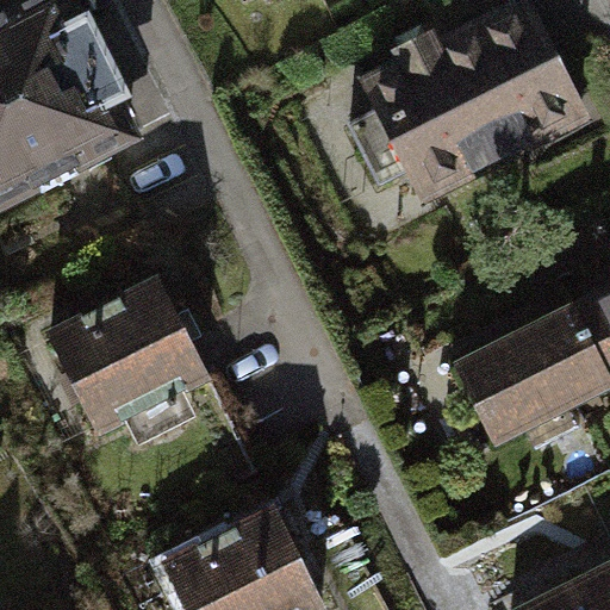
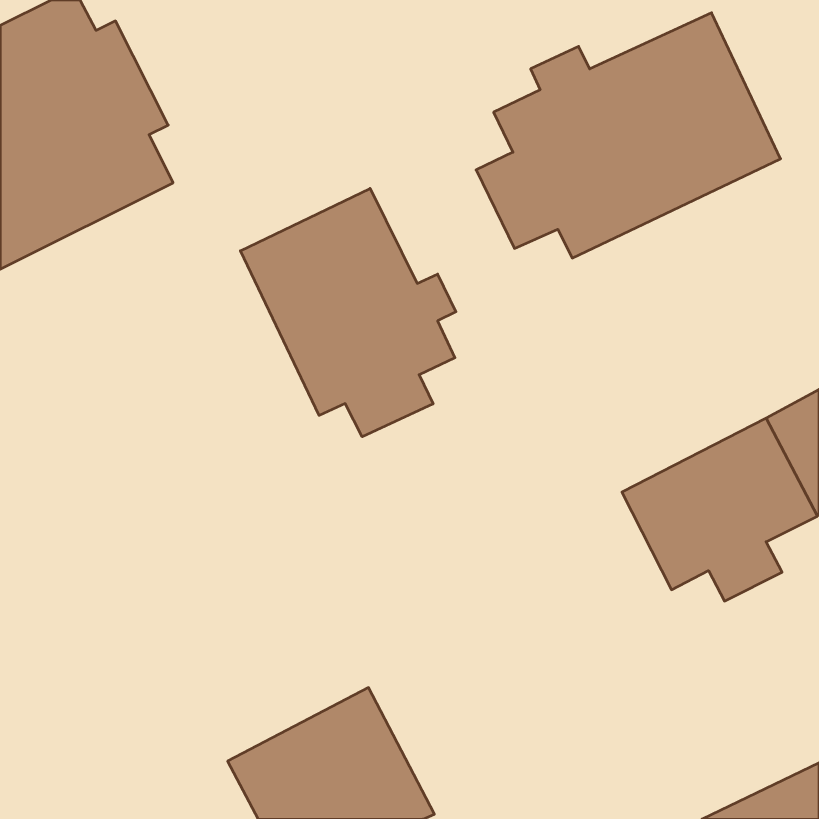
building: none -> [240,188,456,437]
building: [51,282,206,444] -> none

